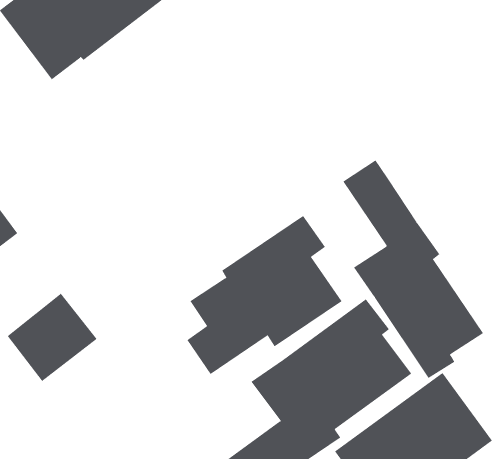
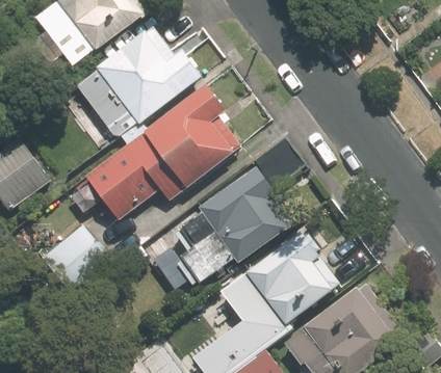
building: none -> [76,31,204,139]
building: none -> [84,83,240,217]
building: [342,160,484,379] -> none

